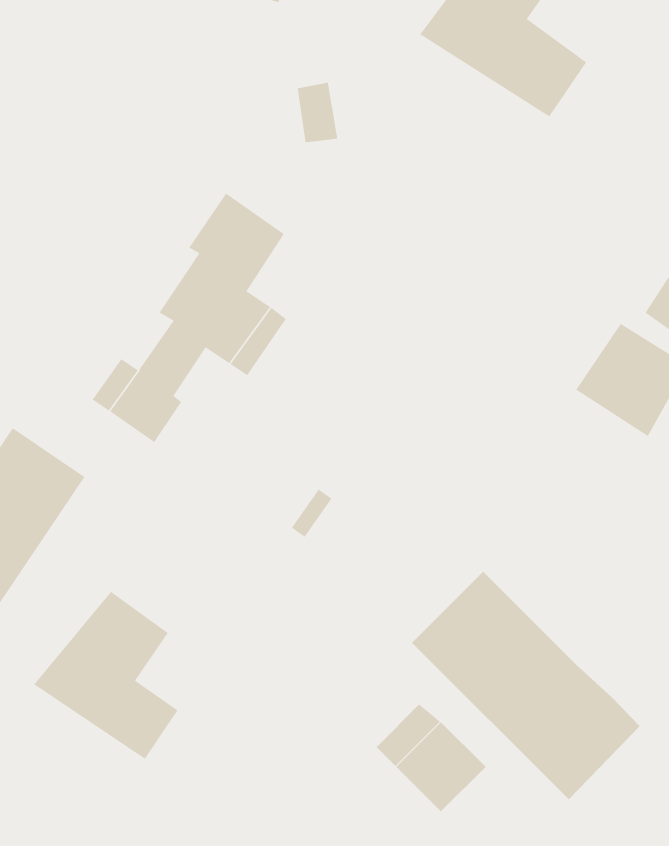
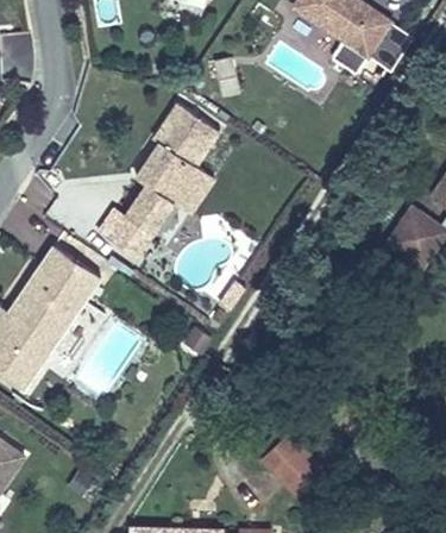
building: [411,571,640,800] -> none
building: [33,591,179,760] -> none

